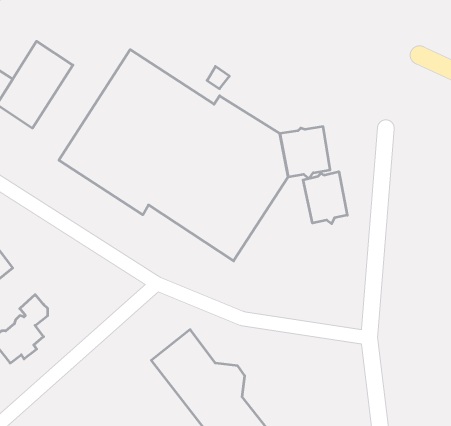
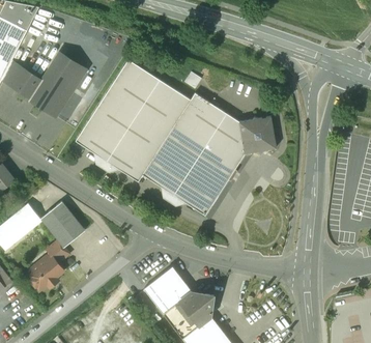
building: [303,172,347,224] -> none
building: none -> [40,201,85,248]

